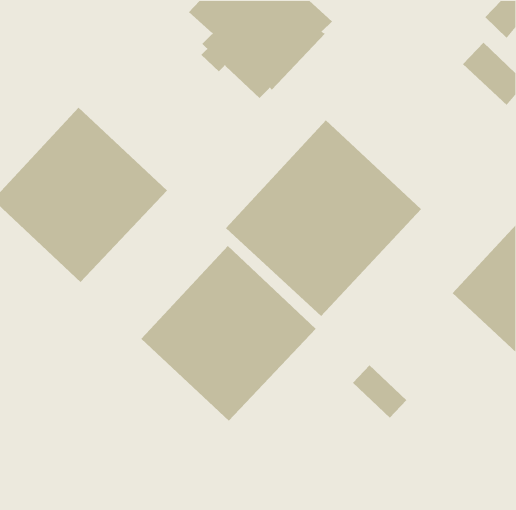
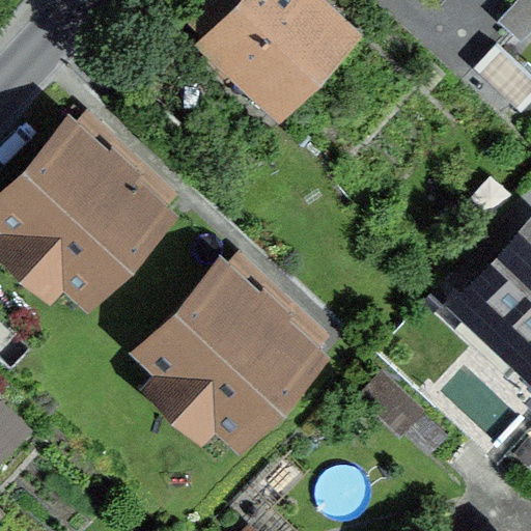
building: [225,120,422,317] -> none

